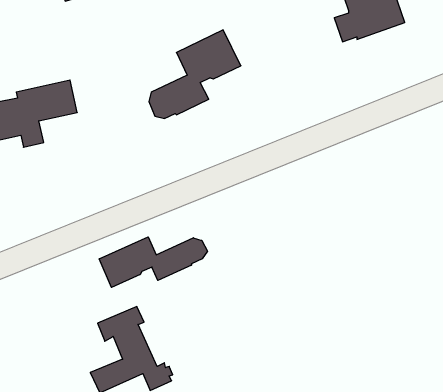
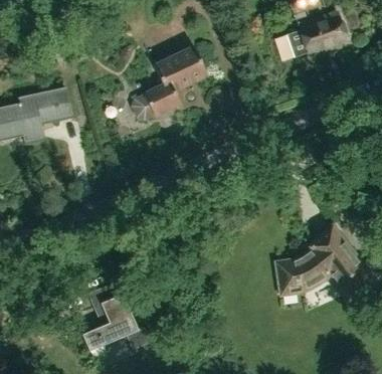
building: [99,237,207,287] -> none
building: none -> [275,224,370,296]

